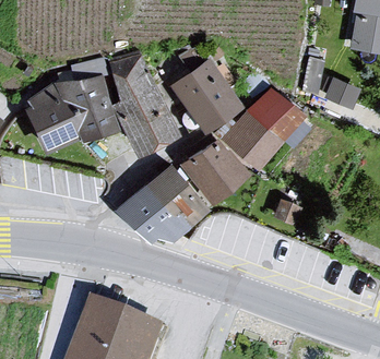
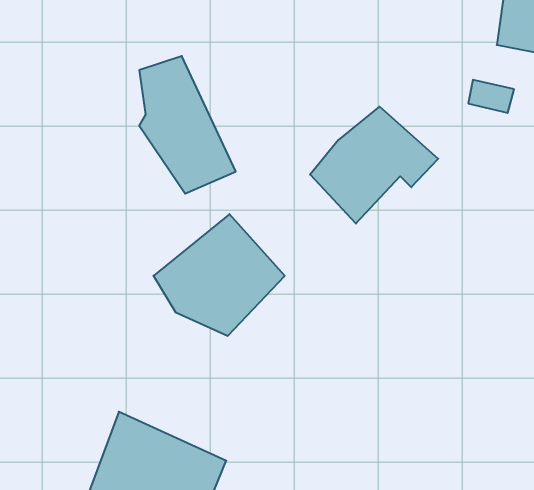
building: [166,53,237,128] -> none
building: [20,74,110,148] -> none
building: [179,136,246,205] -> none

